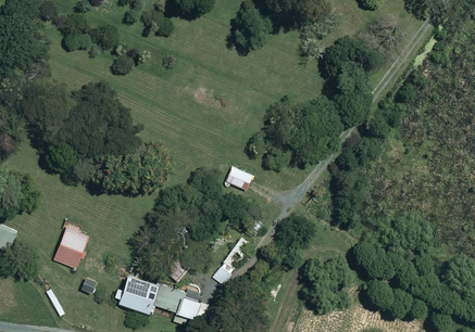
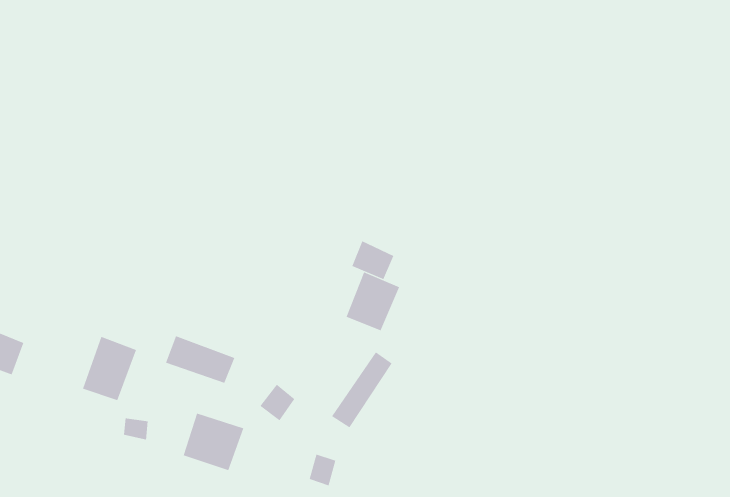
building: none -> [346,272,400,331]
building: [155,288,200,318] -> [165,336,235,383]

